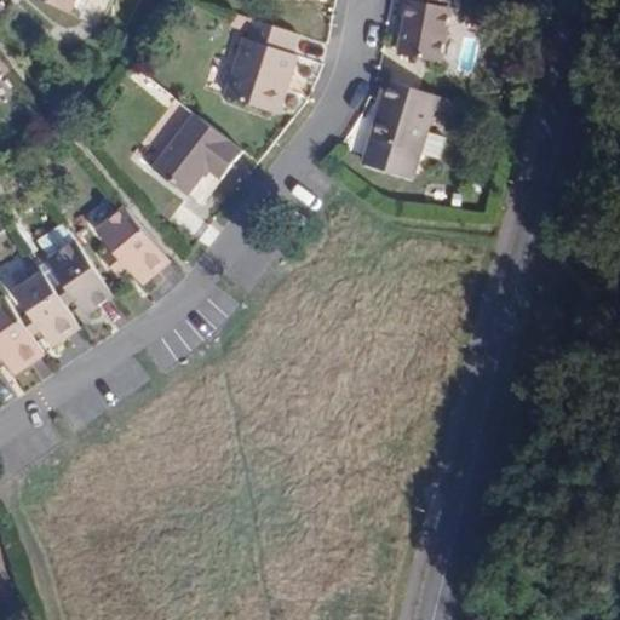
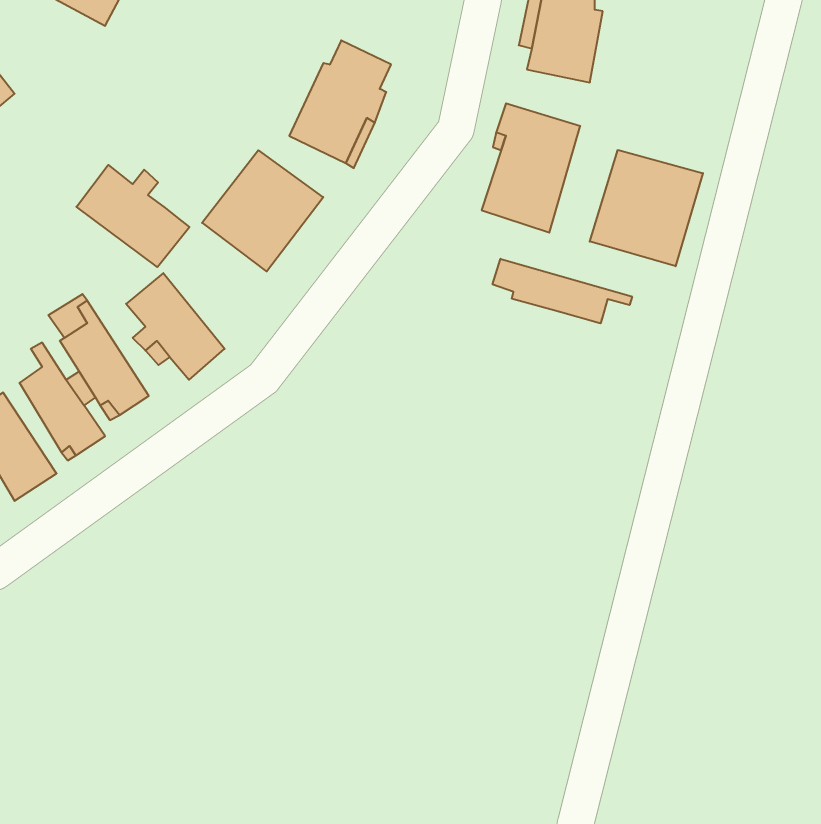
building: none -> [590,150,703,266]
building: none -> [76,165,189,267]
building: none -> [493,259,632,323]

